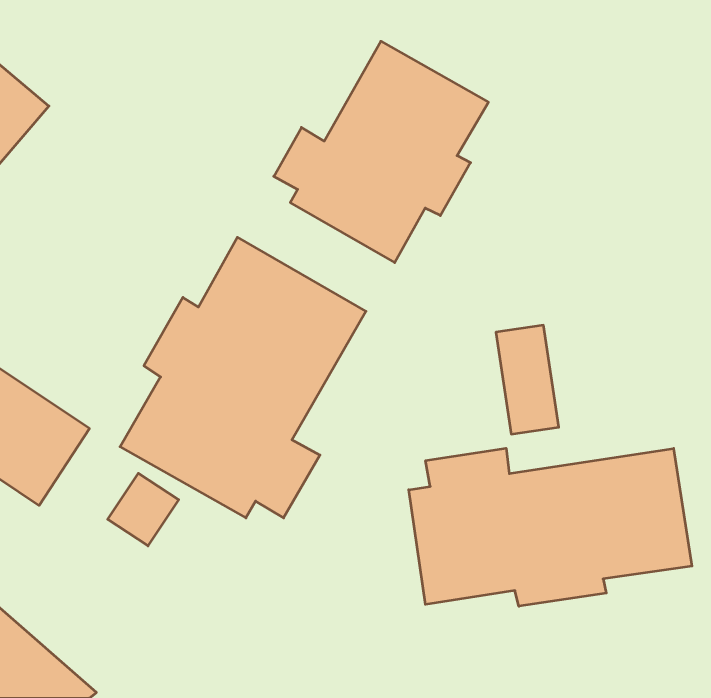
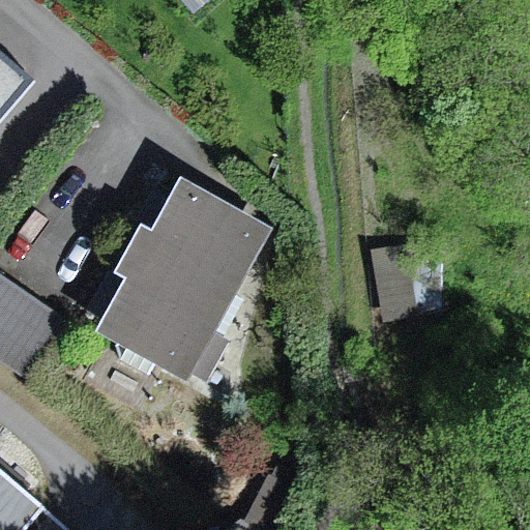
building: [274,41,488,263] -> none
building: [409,448,692,606] -> none

